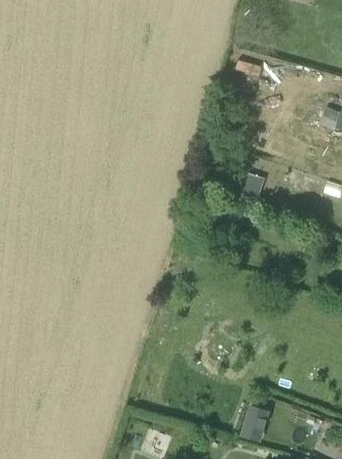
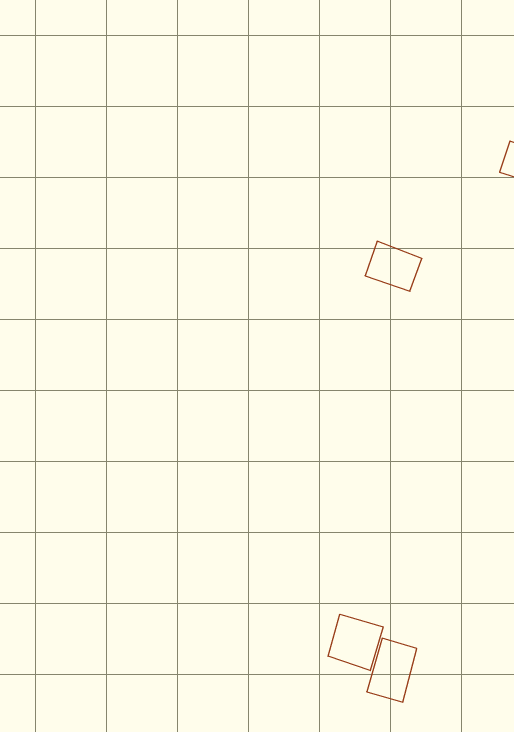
building: none -> [328,614,383,671]

